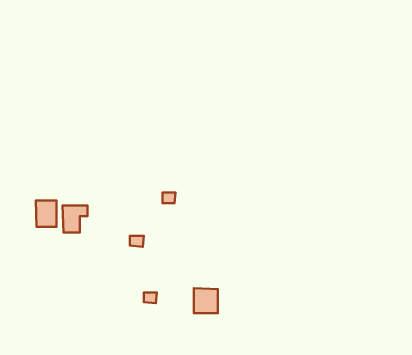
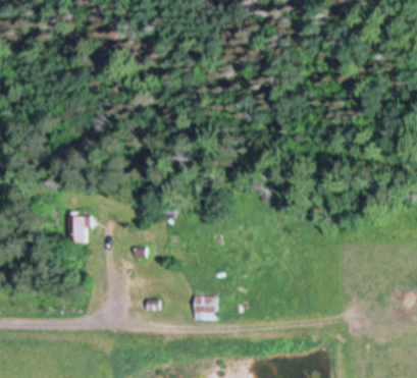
building: [36,201,56,227] -> none

